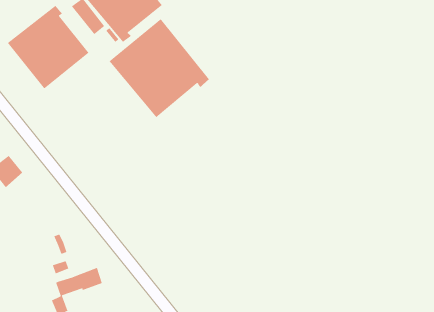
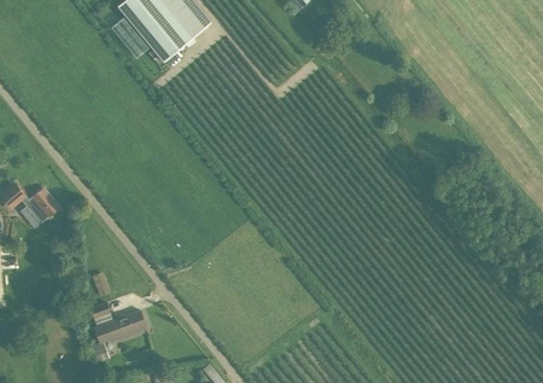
building: [7,5,89,90] -> none
building: [109,18,210,118] -> none

